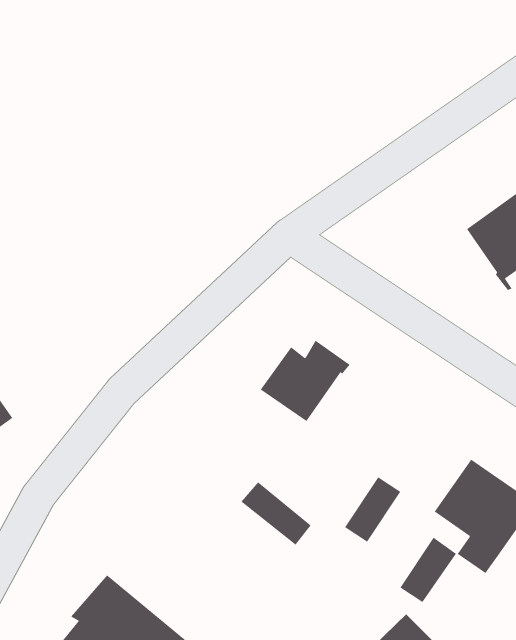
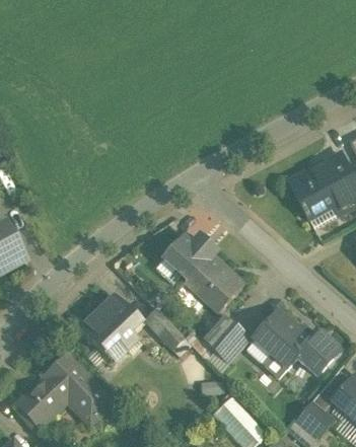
building: none -> [185,254,242,312]
building: none -> [78,292,143,353]
building: [400,537,457,603] -> [214,324,248,361]

